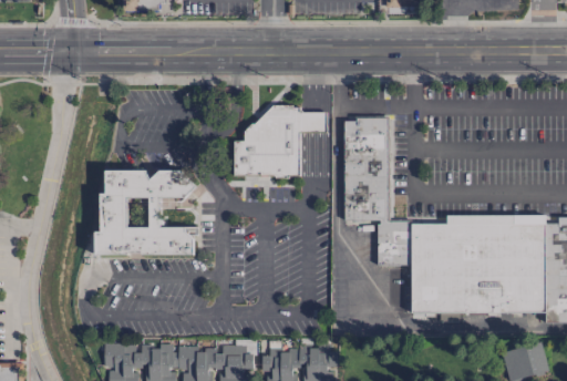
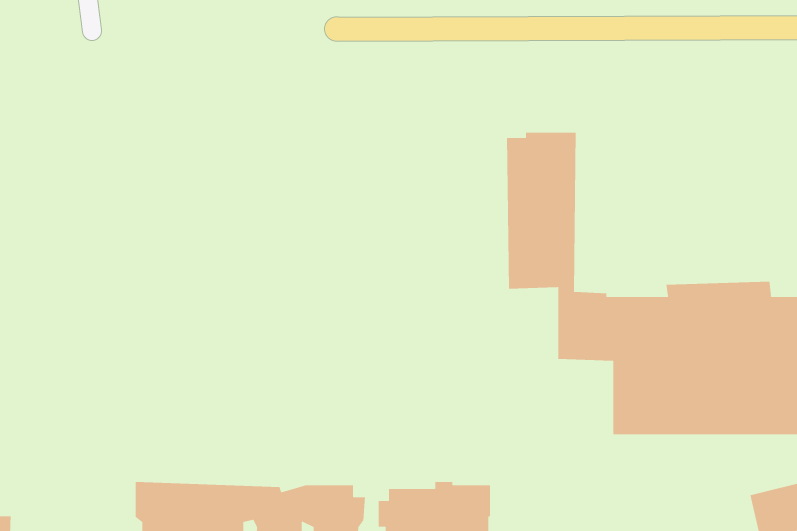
building: [235,105,329,176] -> none
building: [95,169,197,256] -> none

